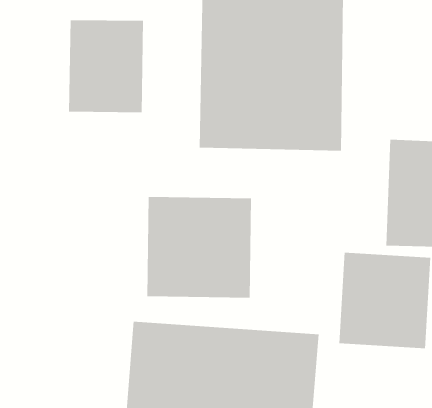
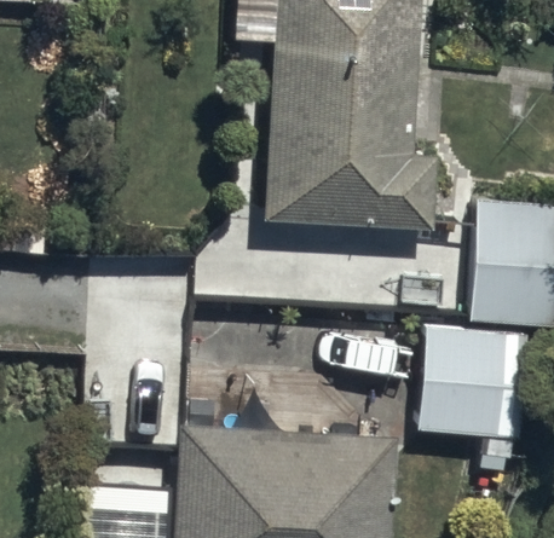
building: [69,19,144,113] -> none
building: [147,196,252,298] -> none

